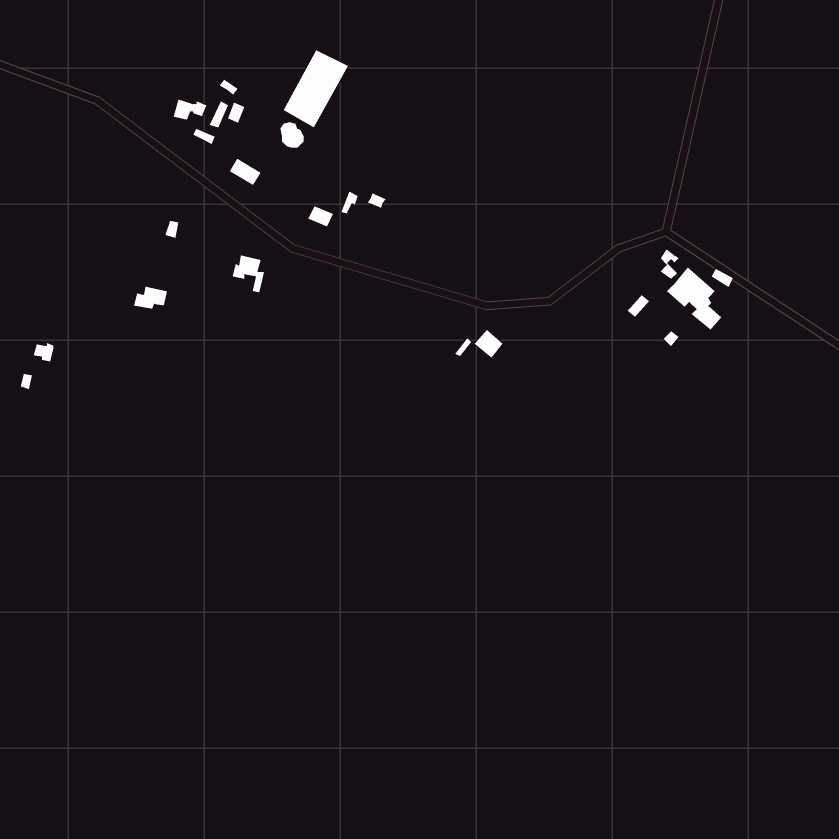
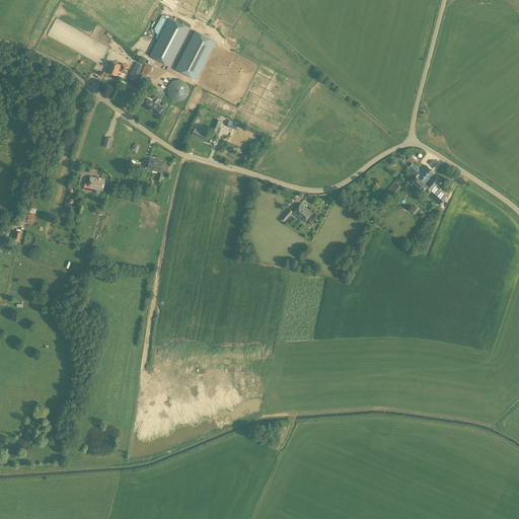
building: none -> [149,16,190,65]

